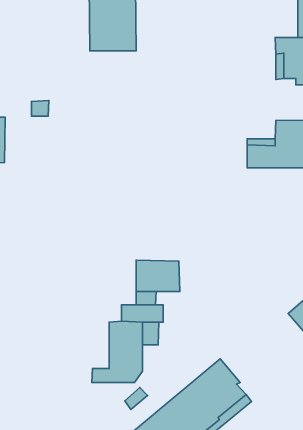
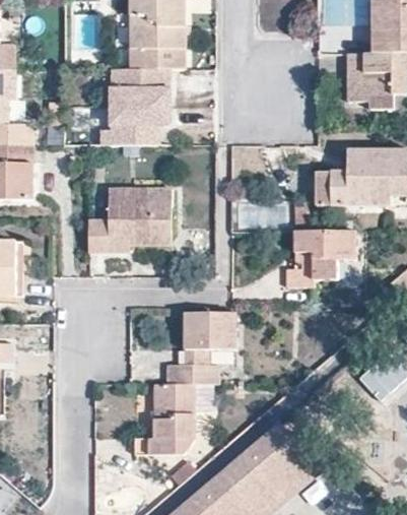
building: none -> [112,68,169,144]
building: none -> [87,187,172,251]
building: none -> [284,231,355,287]

